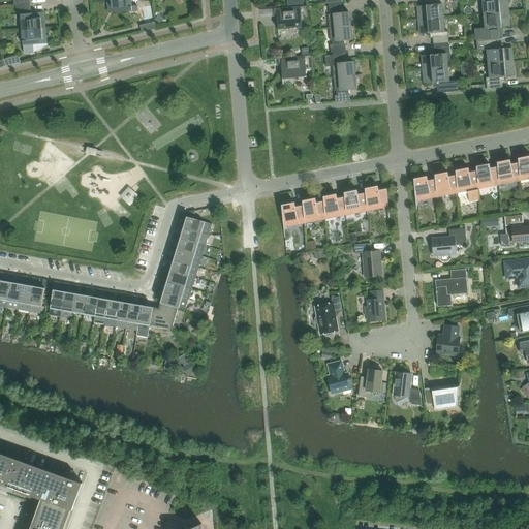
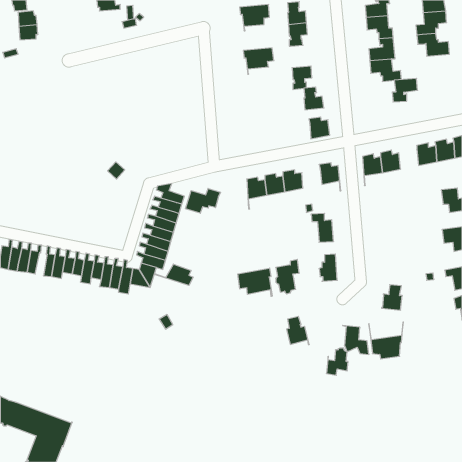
building: [333,52,355,77] -> [304,87,324,110]
building: [486,62,515,89] -> [392,78,418,102]
building: [456,167,479,203] -> none
building: [344,190,368,215] -> [309,117,330,139]
building: none -> [186,188,220,213]
building: [432,228,467,255] -> none
building: [435,269,468,306] -> none
building: none -> [154,264,193,285]
building: none -> [238,268,272,296]
building: [359,367,383,398] -> [326,348,348,375]

